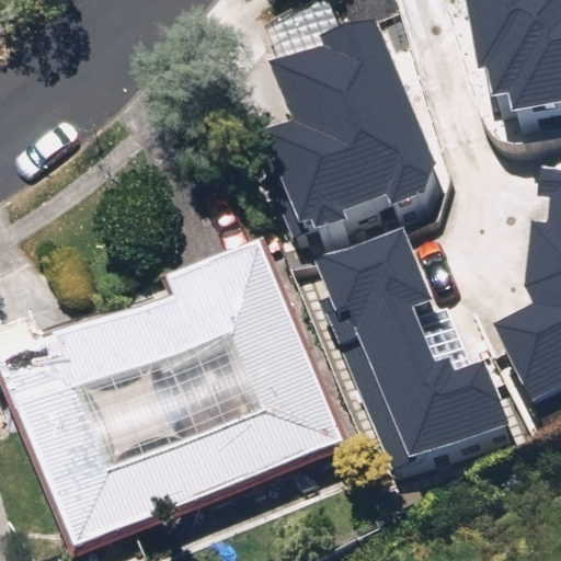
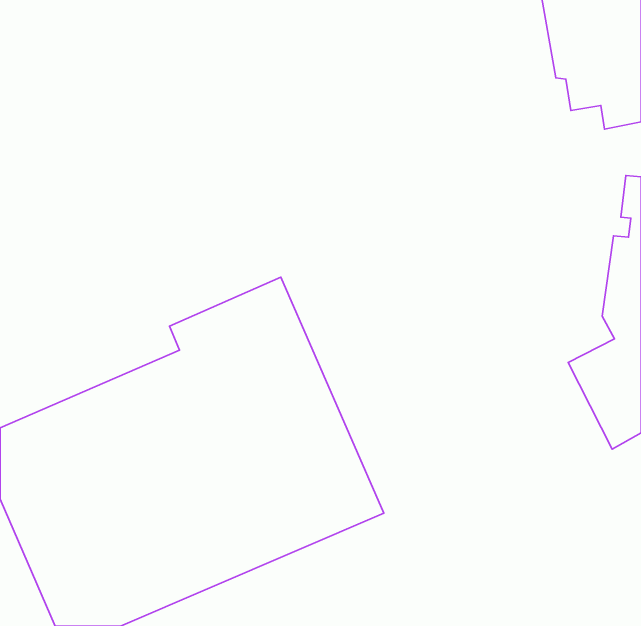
building: [268,13,438,225] -> none
building: [318,225,515,455] -> none

